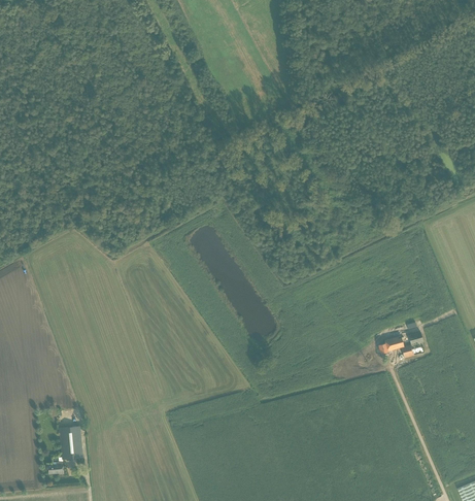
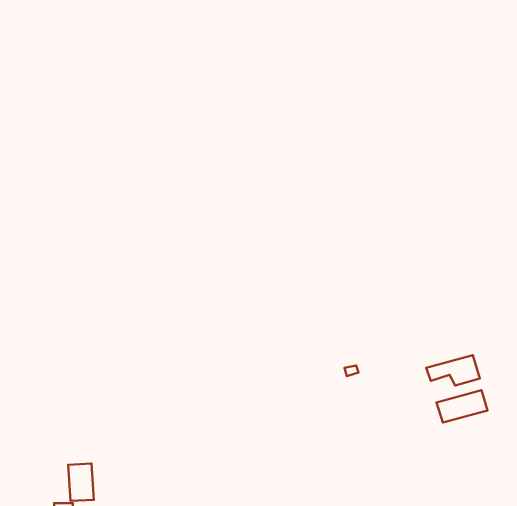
building: none -> [437,390,487,423]

